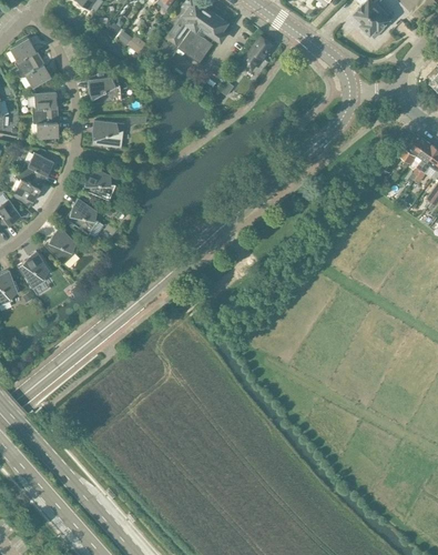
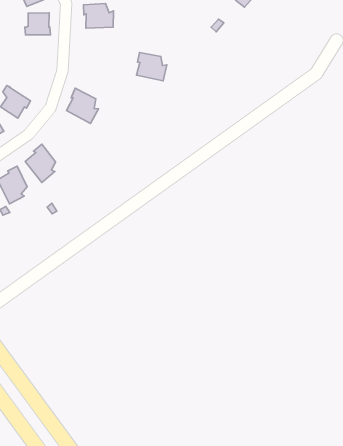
building: [33,114,59,139] -> none
building: [94,121,124,148] -> [136,53,167,81]
building: [21,153,53,183] -> none
building: [65,199,99,235] -> none

